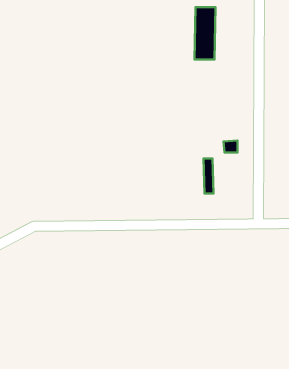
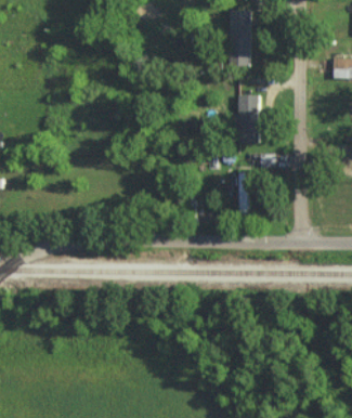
building: none -> [238,94,259,143]

